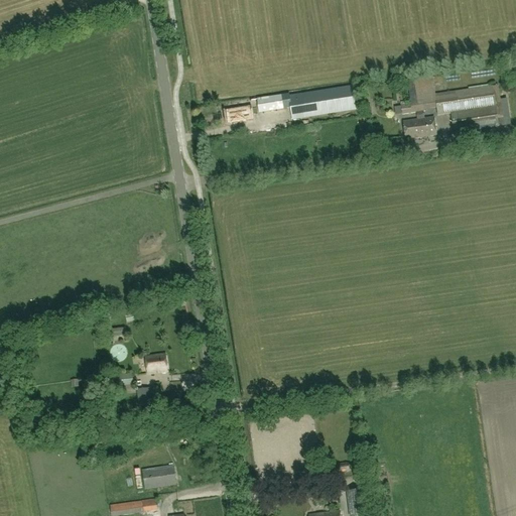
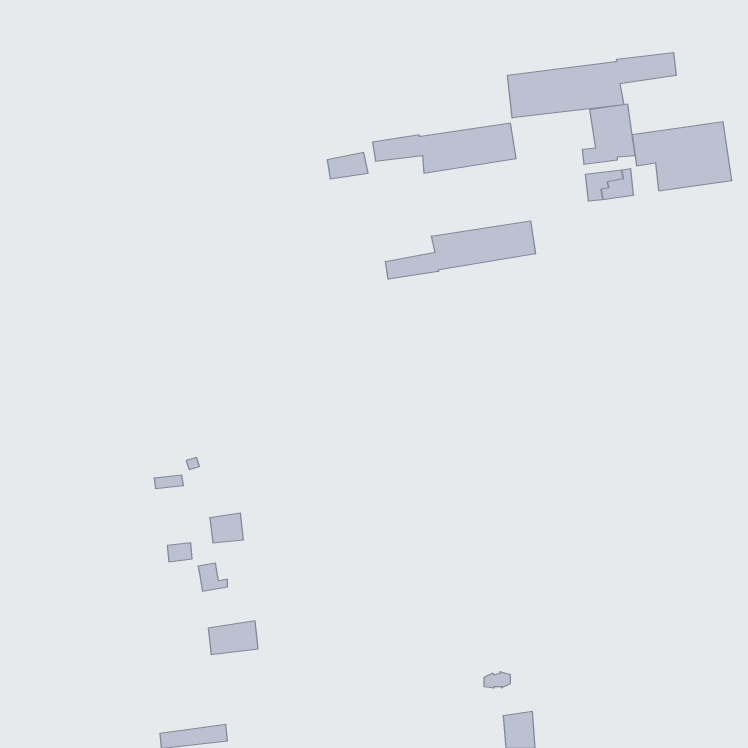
building: none -> [508,52,676,118]
building: none -> [385,221,535,279]
building: [141,465,175,488] -> [208,621,258,655]

